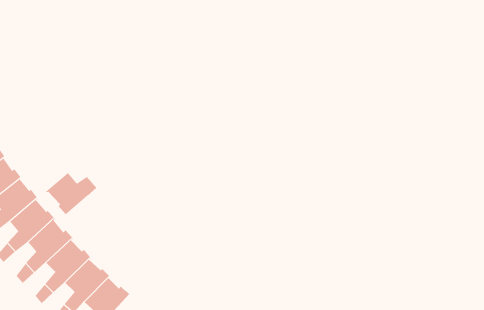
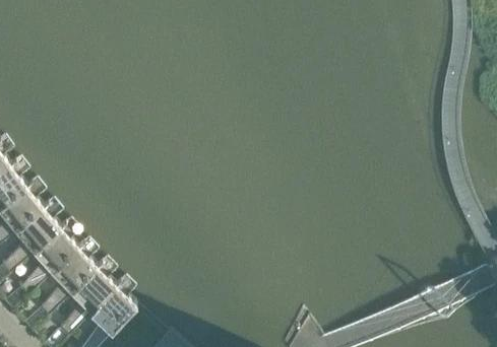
building: [45,172,97,215] -> none

